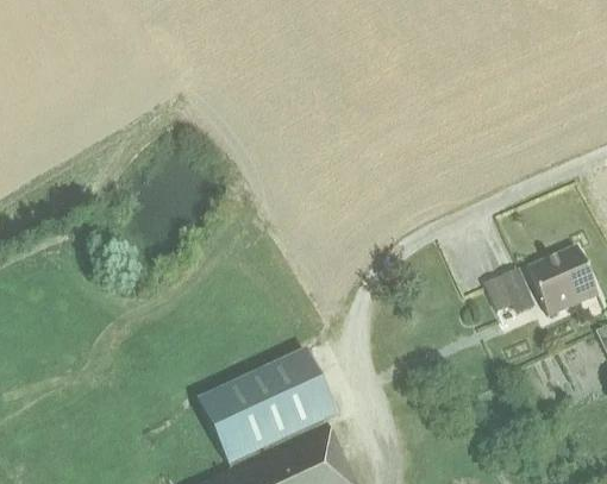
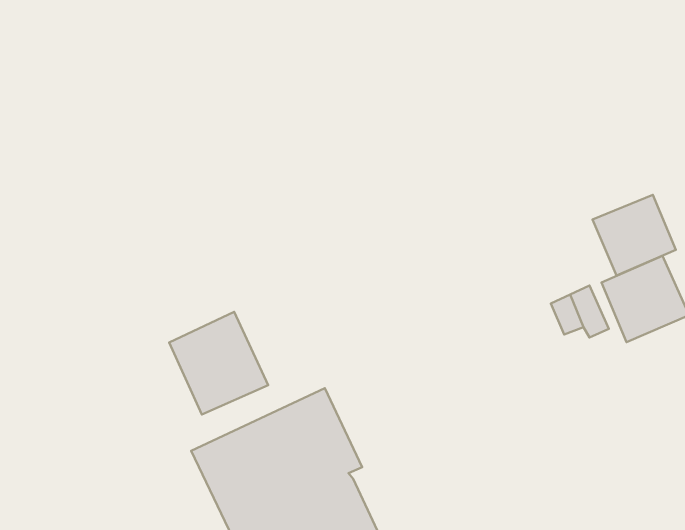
building: none -> [592,195,676,276]
building: none -> [169,312,268,415]

